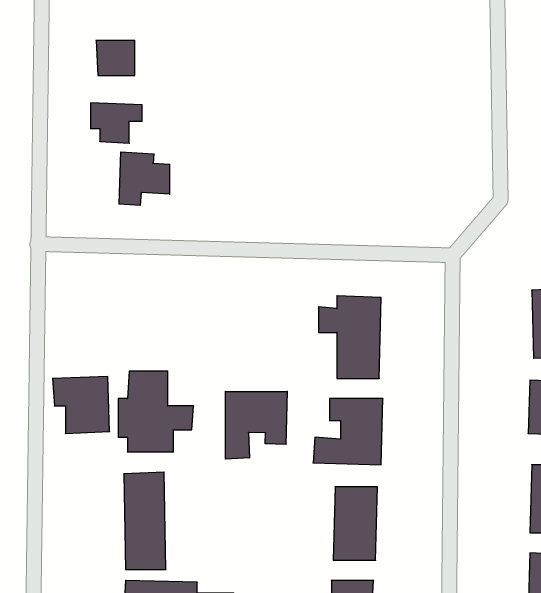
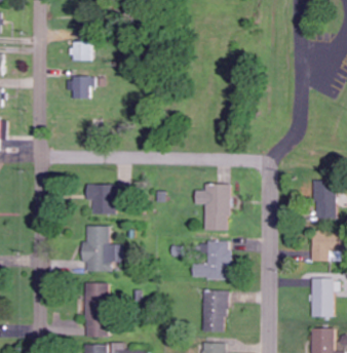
building: [119,152,170,205] -> none
building: [53,377,110,433] -> [86,183,118,214]
building: [225,391,287,459] -> none

